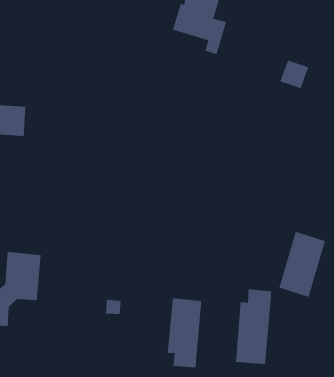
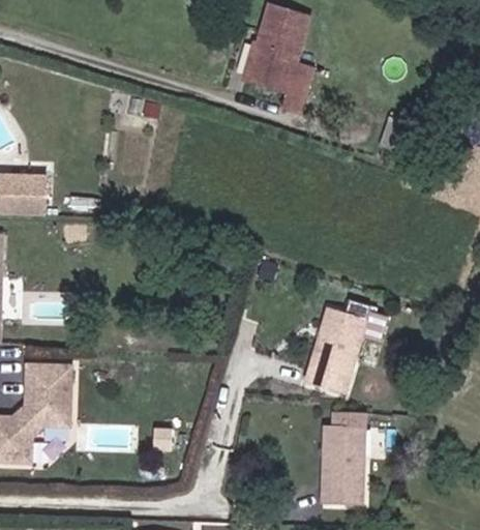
building: [278,231,326,297] -> [307,311,368,395]
building: [167,298,202,368] -> none

